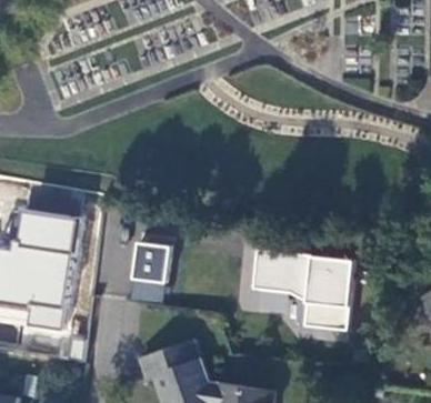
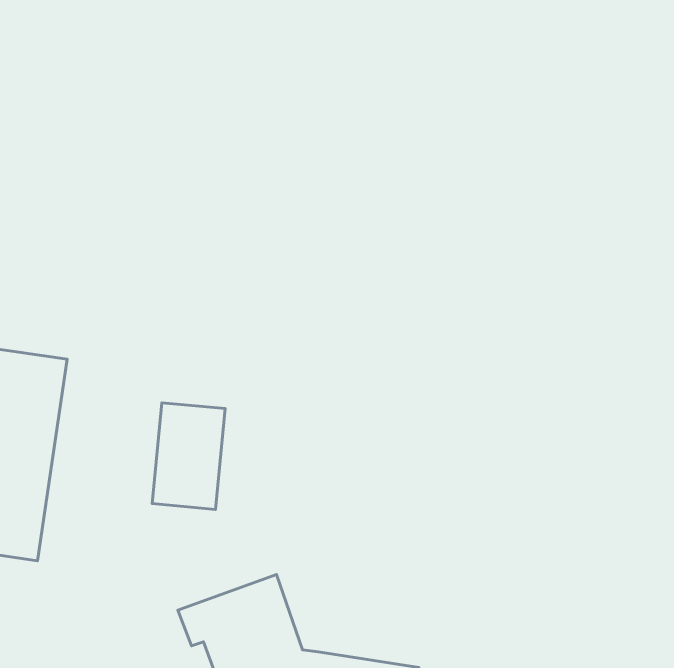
building: [254,250,357,331] -> none

